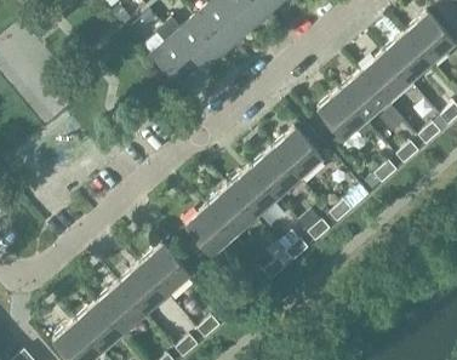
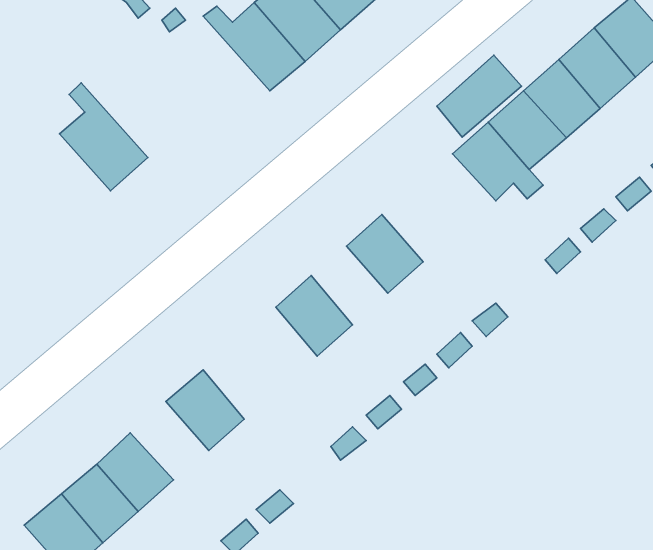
building: [150,25,205,92] -> [59,83,148,191]
building: none -> [437,55,521,137]
building: [274,128,322,177] -> none
building: [230,167,278,216] -> none
building: [185,205,234,255] -> none
building: [119,263,167,312] -> none

